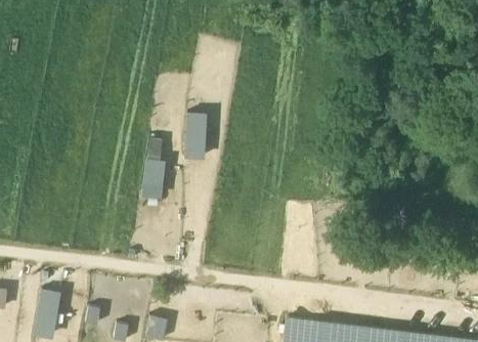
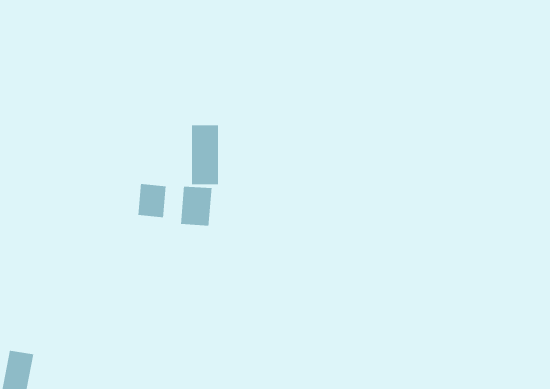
building: none -> [180,186,212,226]

